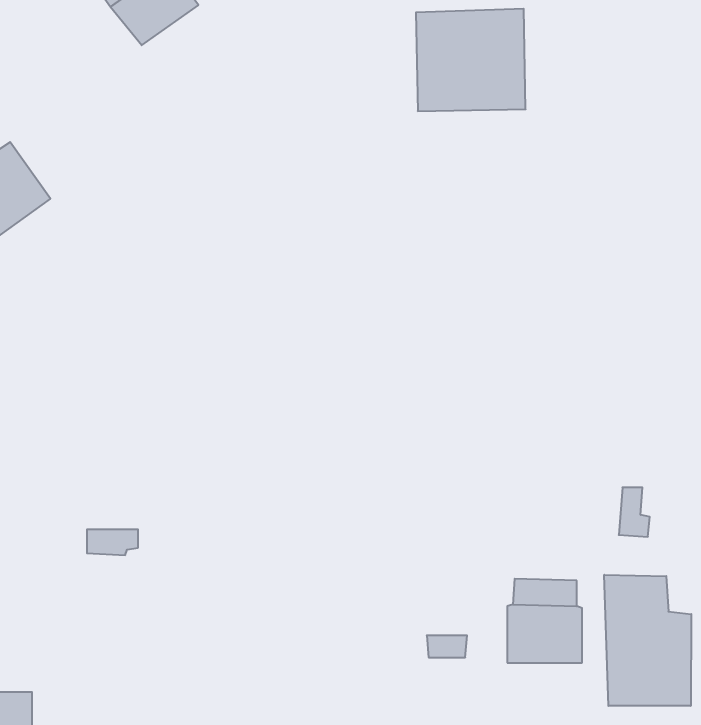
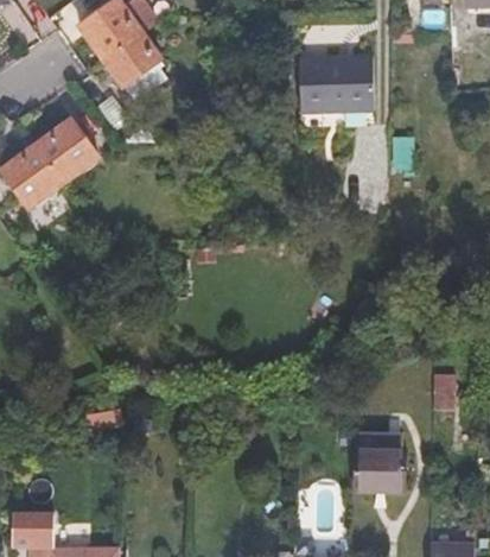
building: none -> [38,119,113,182]
building: [604,575,691,706] -> none

